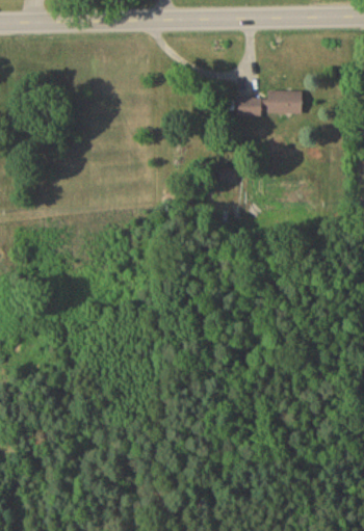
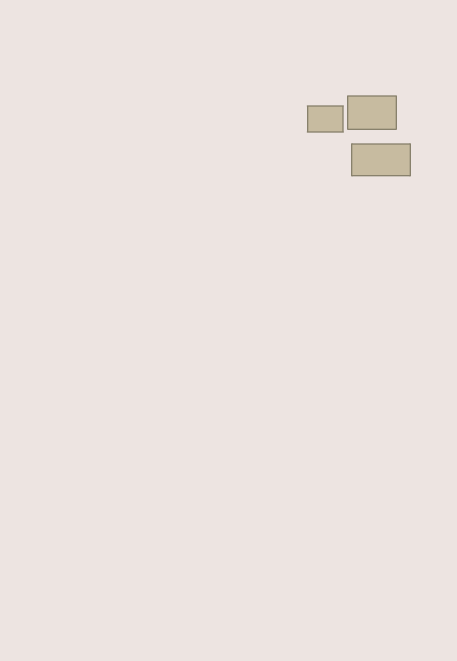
building: none -> [352,144,410,176]

